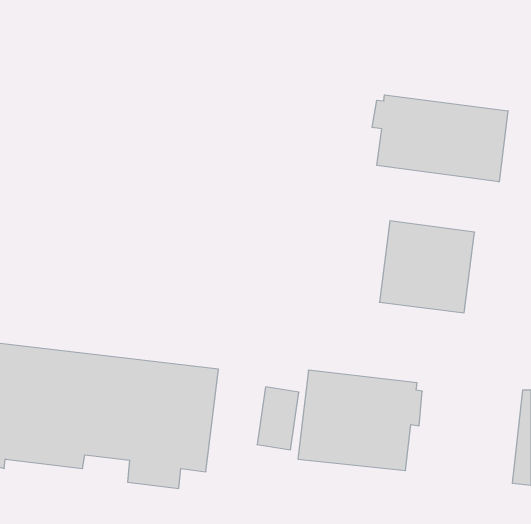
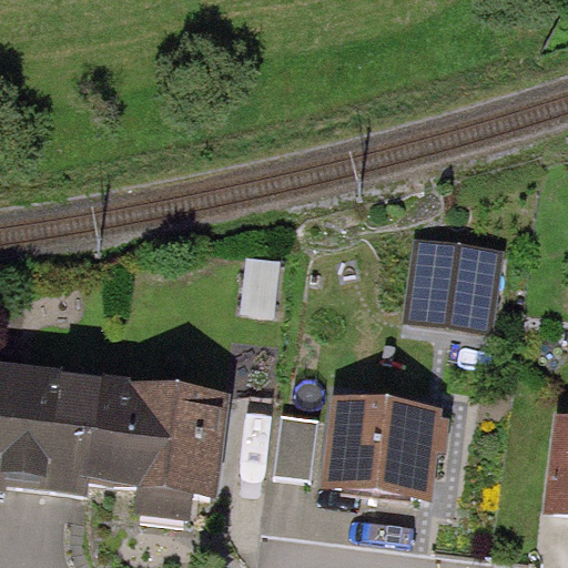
building: [372,95,508,182] -> none

